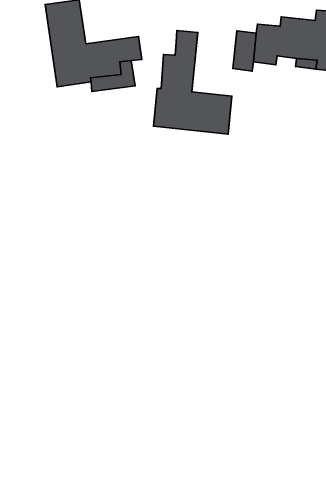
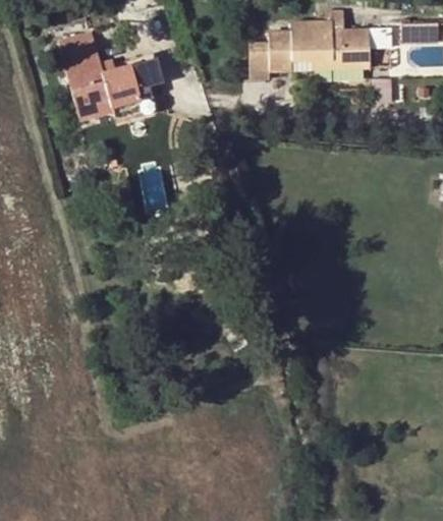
building: [153,31,232,134] -> none

